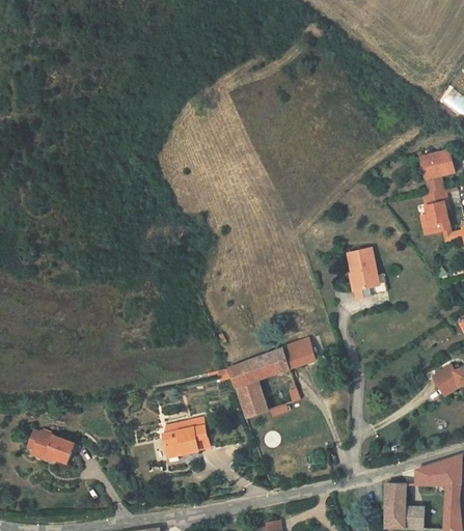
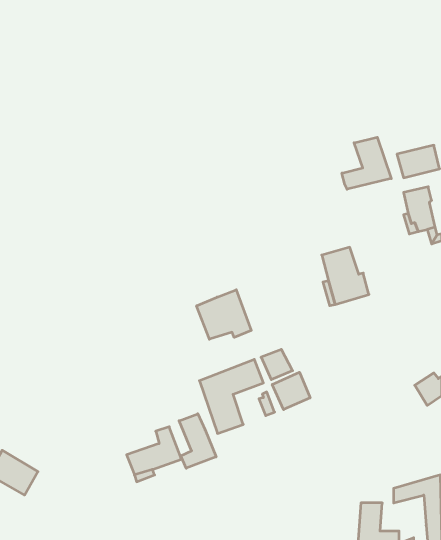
building: none -> [342,137,391,189]
building: none -> [197,290,251,339]
building: none -> [272,372,310,410]
building: none -> [179,414,216,468]

